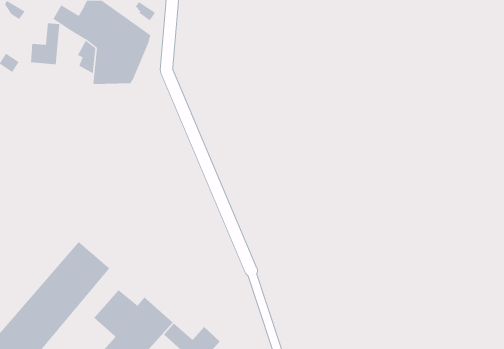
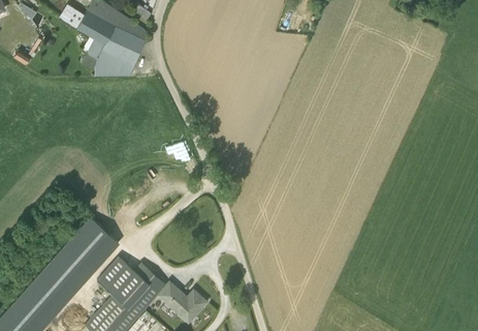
building: [30,22,60,65] -> none

